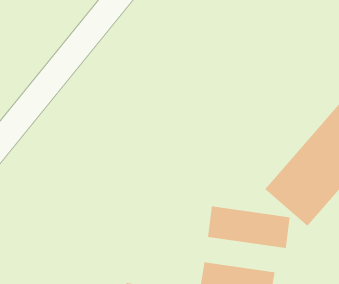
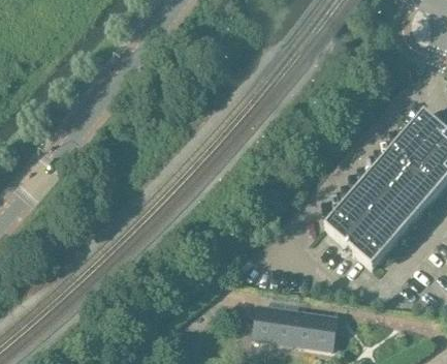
building: [207,205,290,249] -> none

